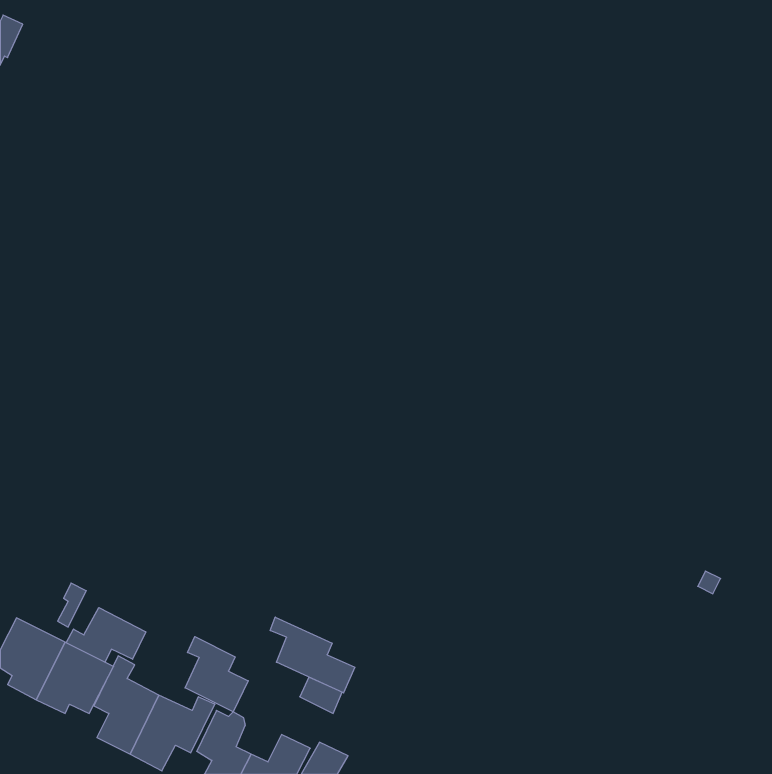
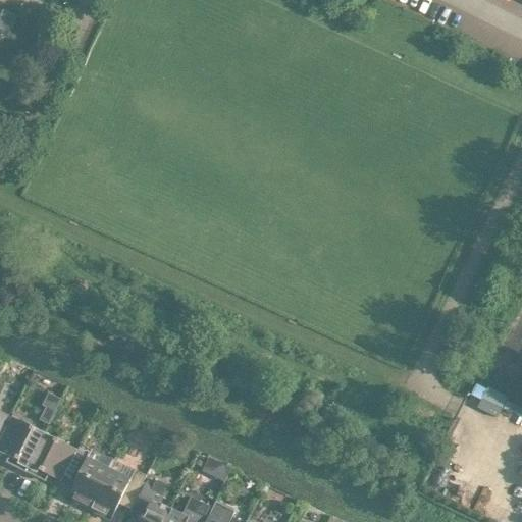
building: [66,608,146,662] -> none
building: [270,617,355,693] -> none
building: [185,637,248,712] -> none

